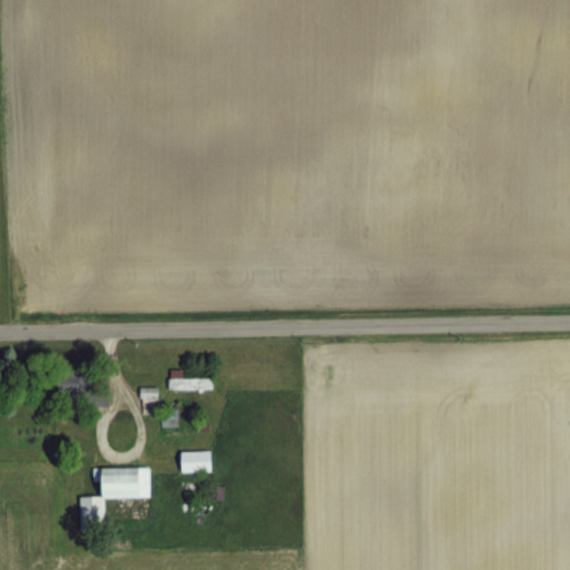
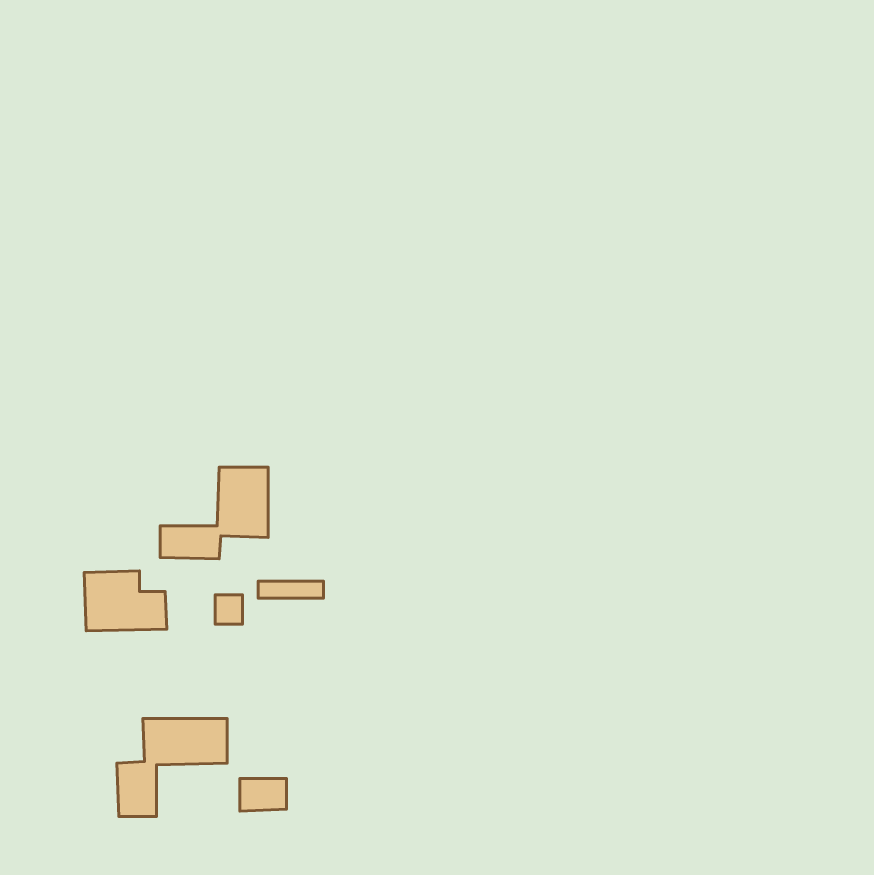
building: none -> [160,467,268,559]
building: [180,452,210,473] -> [240,778,286,811]

